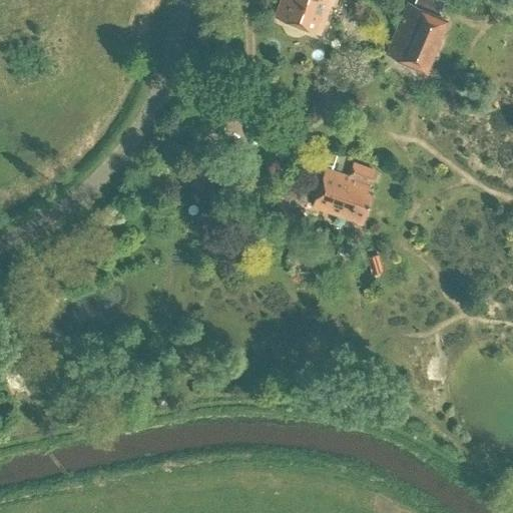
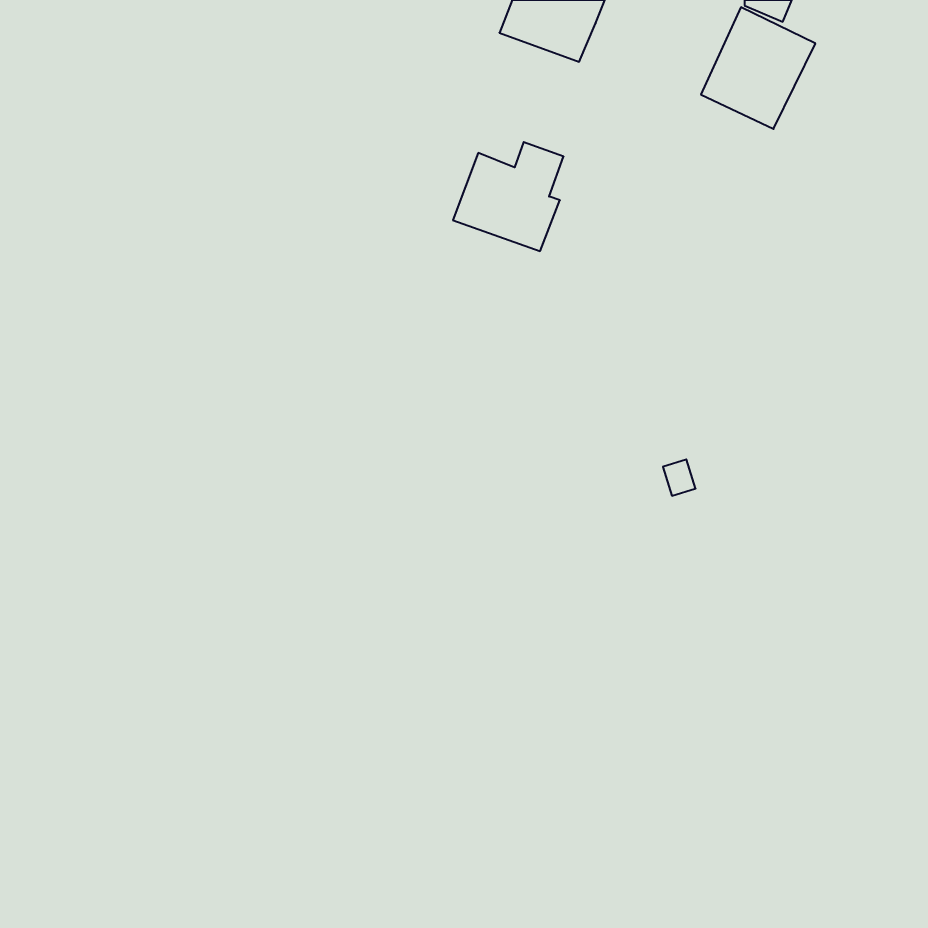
building: [314,161,375,221] -> [453,142,564,251]

